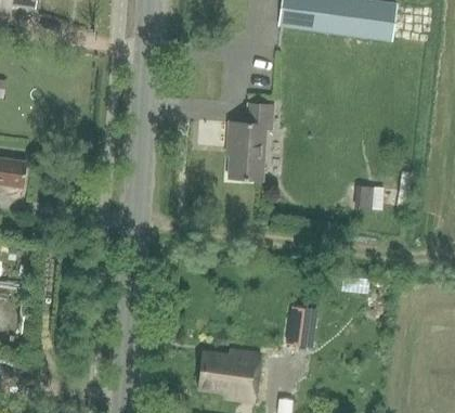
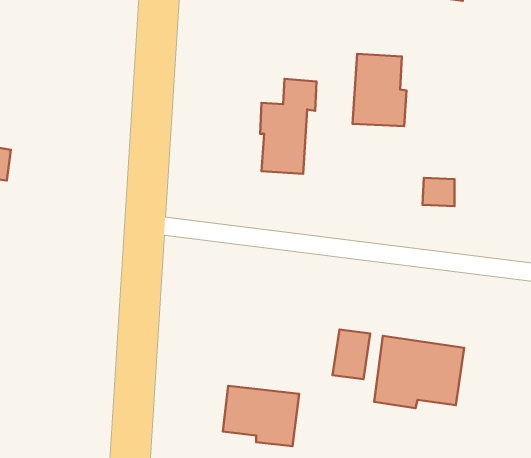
building: none -> [353,54,407,126]
building: none -> [374,336,464,408]

